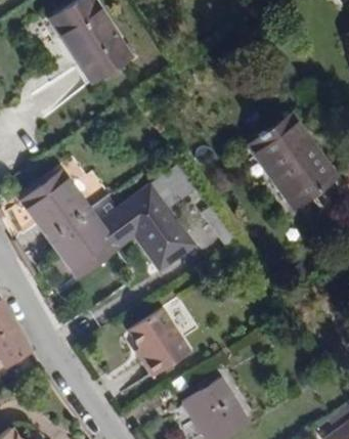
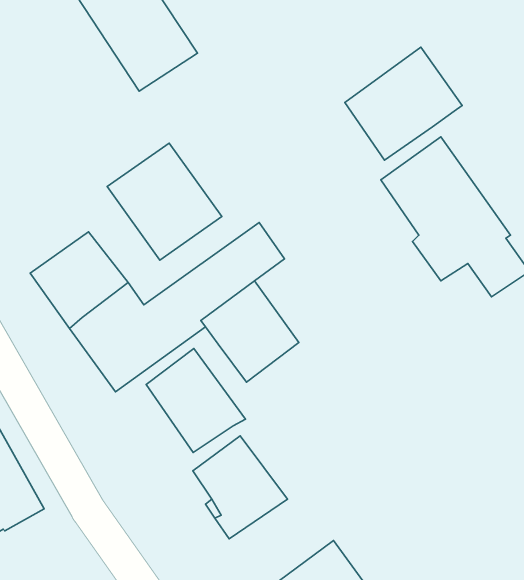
building: none -> [345,47,462,160]
building: none -> [107,143,222,260]
building: none -> [146,349,246,452]

